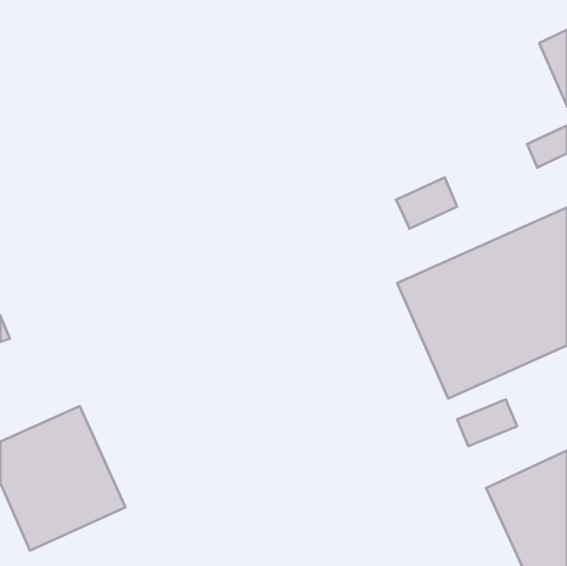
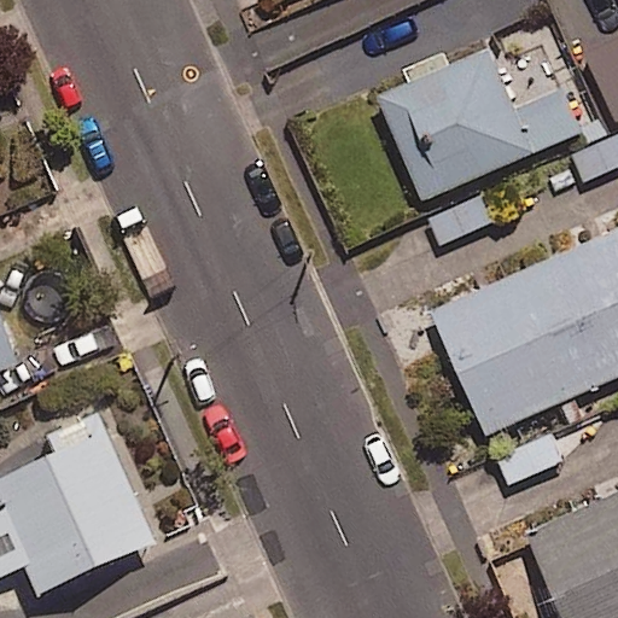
building: none -> [379,46,536,199]

